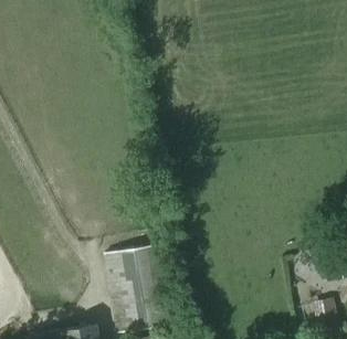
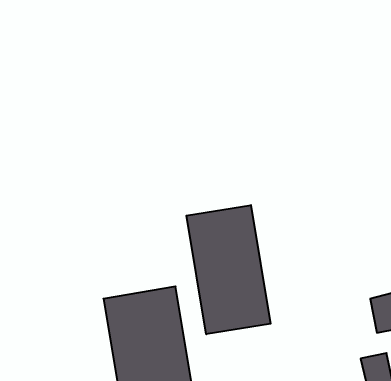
building: none -> [186,205,271,334]

